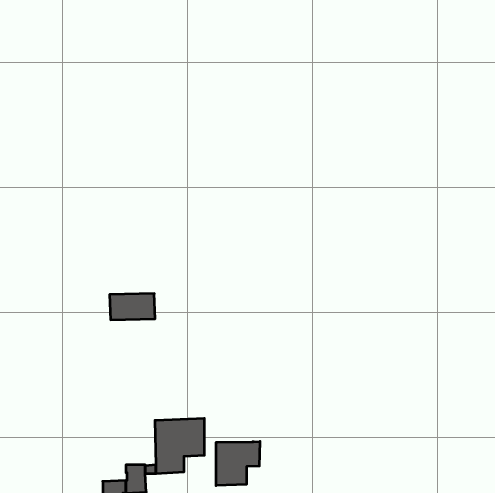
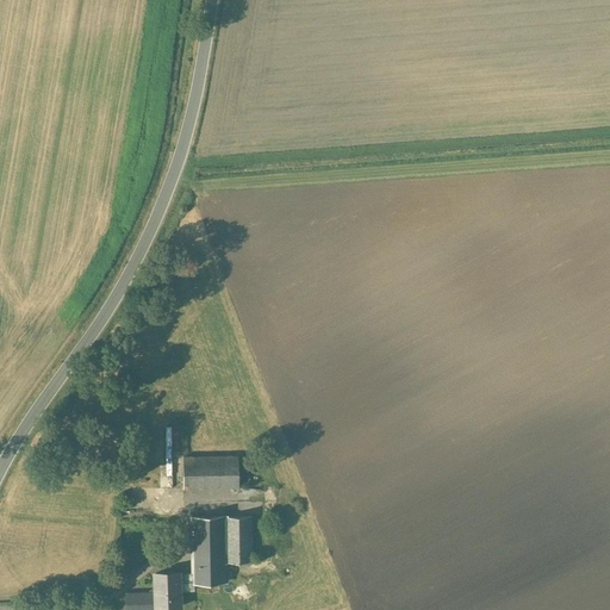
building: [110,294,155,320] -> [182,458,238,490]
building: [216,441,260,486] -> none

